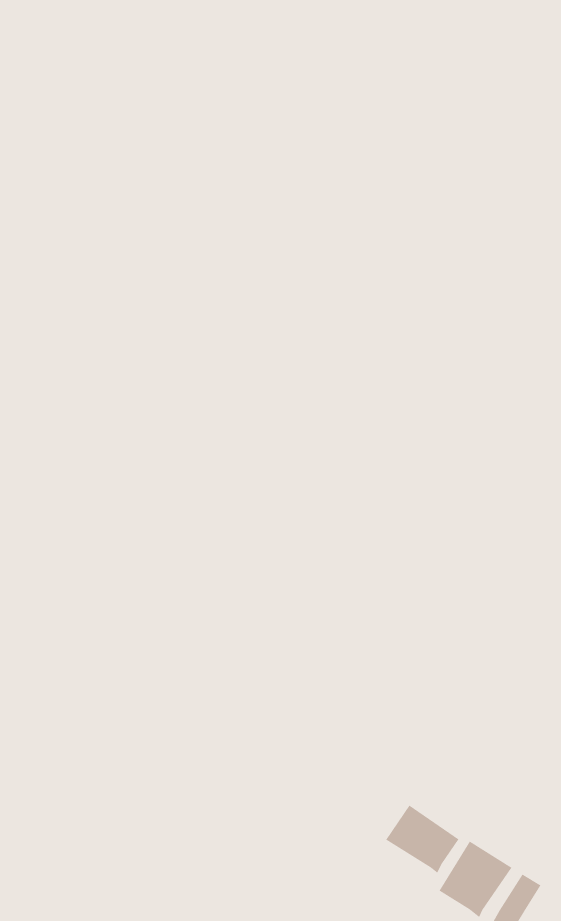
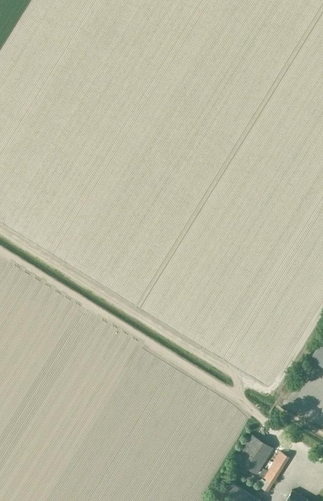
building: [385,804,460,874] -> none

